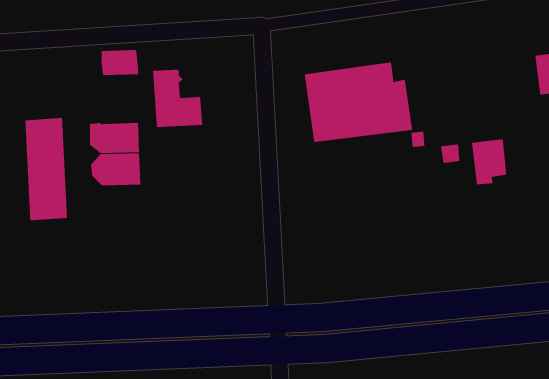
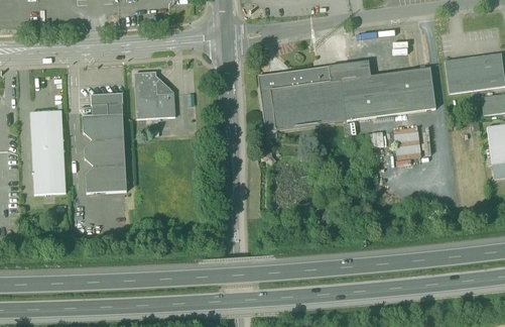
building: [101,50,139,76] -> [92,95,123,116]
building: none -> [329,61,435,121]
building: none -> [86,166,126,193]

